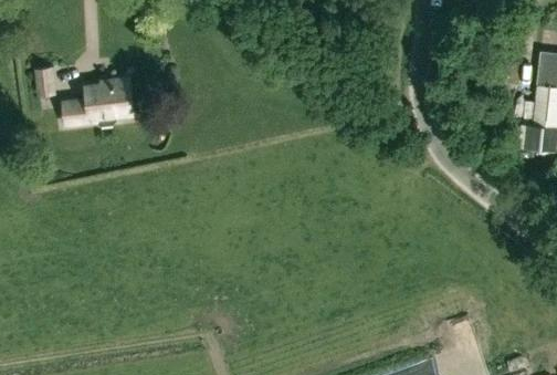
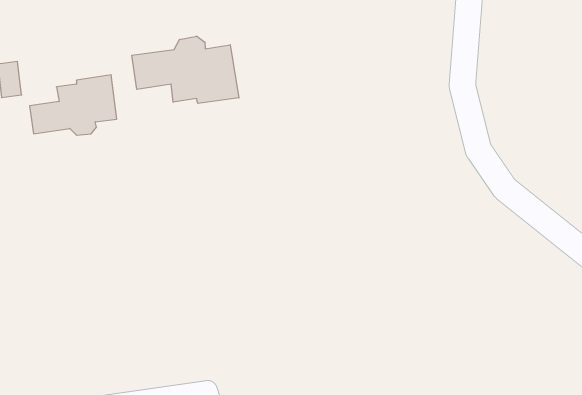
building: none -> [132,36,239,103]

